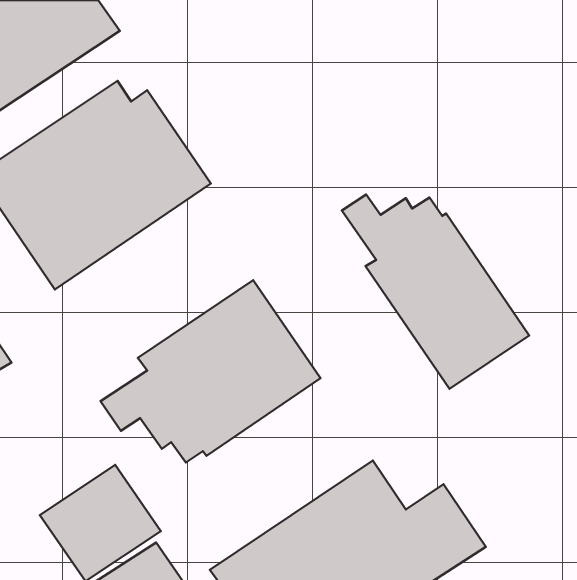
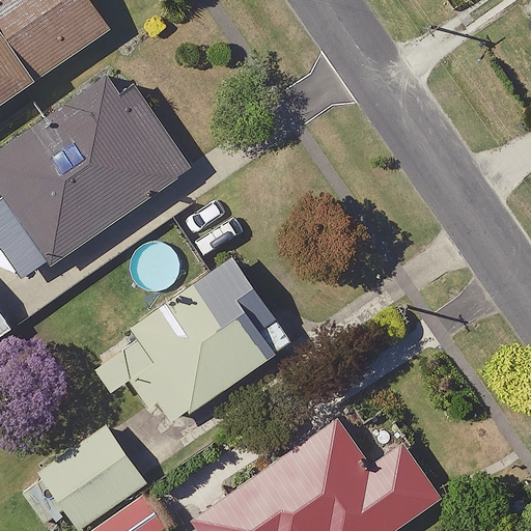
building: [342,194,529,389] -> none

